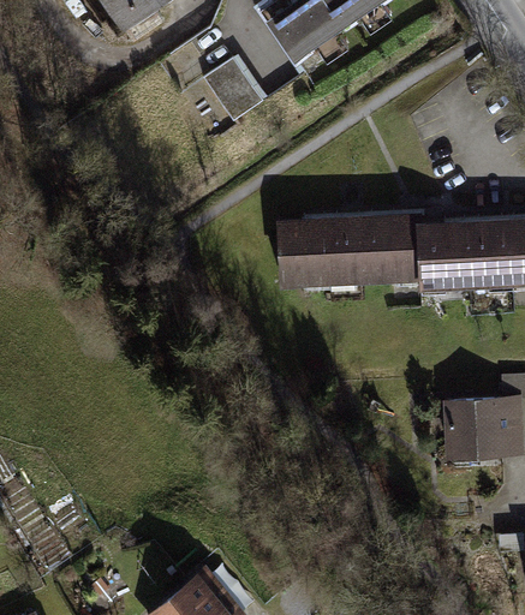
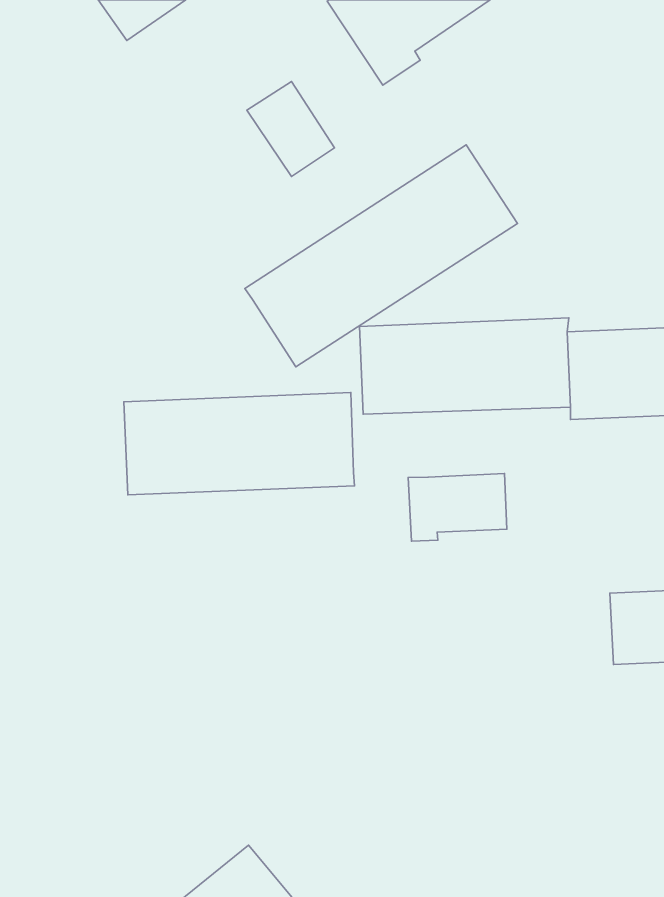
building: none -> [245,145,517,367]
building: none -> [124,393,355,495]
building: none -> [408,474,507,541]

